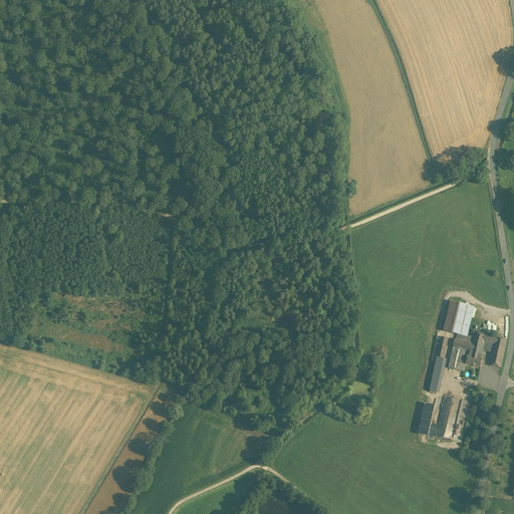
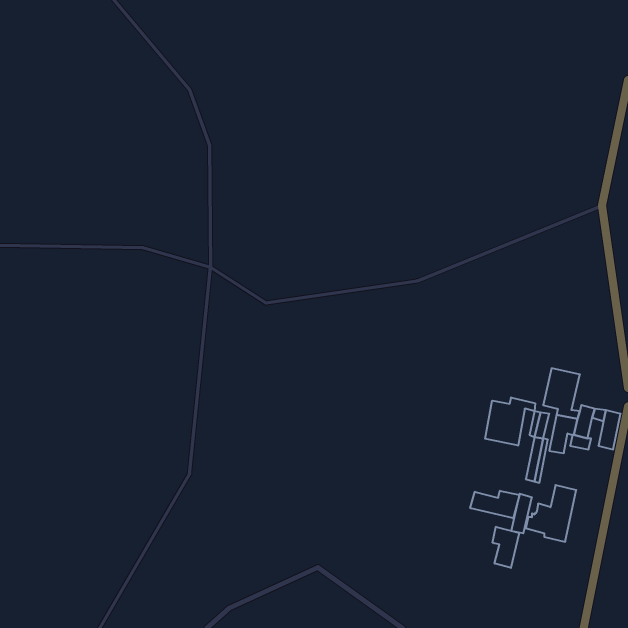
building: none -> [485,397,535,446]
building: none -> [470,491,519,518]
building: none -> [493,527,519,568]

